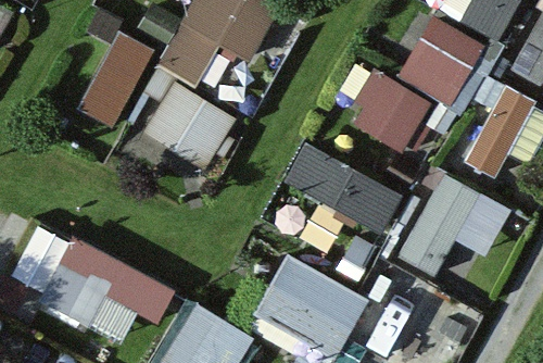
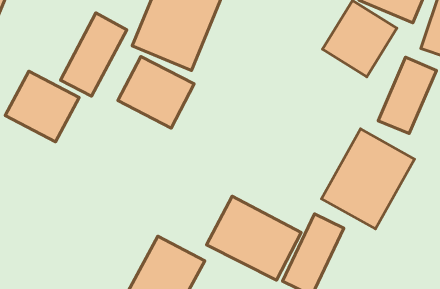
building: [350,64,440,150] -> none
building: none -> [5,71,79,142]
building: [286,138,404,226] -> none
building: [37,228,178,339] -> none

